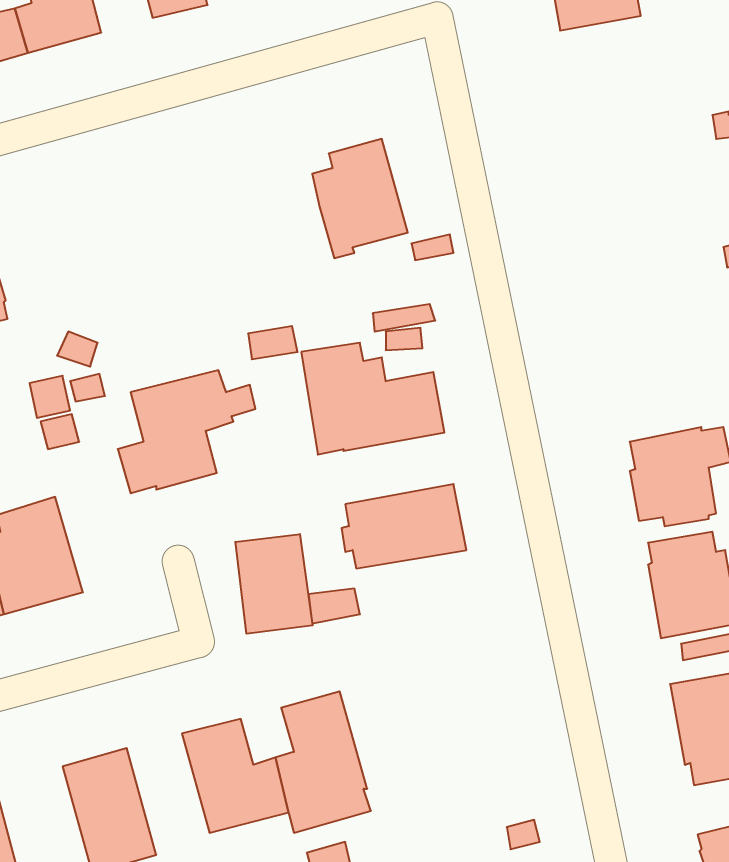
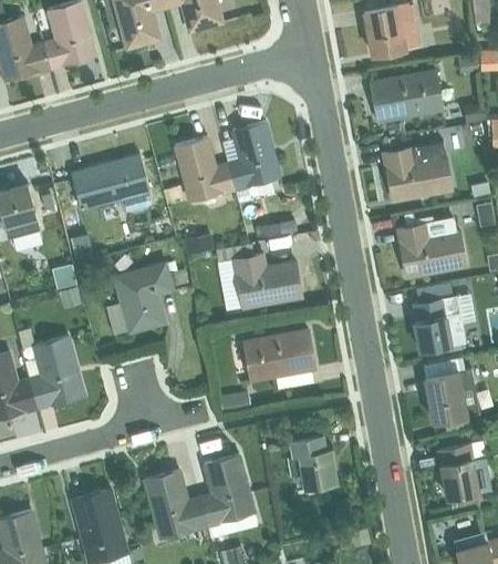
building: none -> [371,71,444,122]
building: none -> [175,137,236,202]
building: none -> [384,142,453,201]
building: none -> [71,155,152,212]
building: none -> [397,214,467,277]
building: [235,534,313,634] -> none
building: none -> [289,435,336,495]

